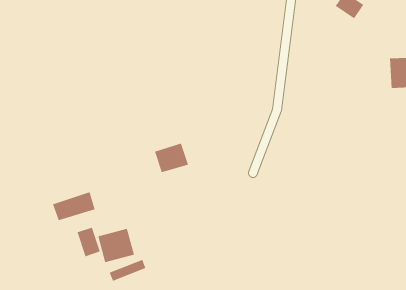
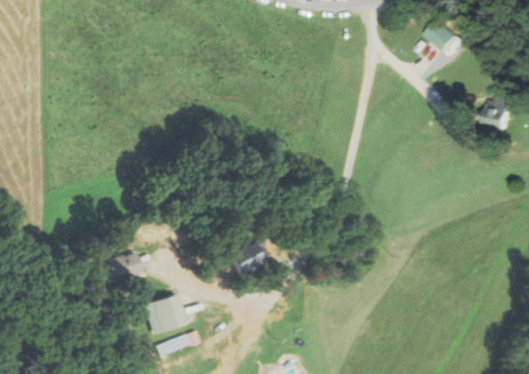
building: [154,143,189,173] -> [229,240,270,275]
building: [77,227,100,257] -> none

